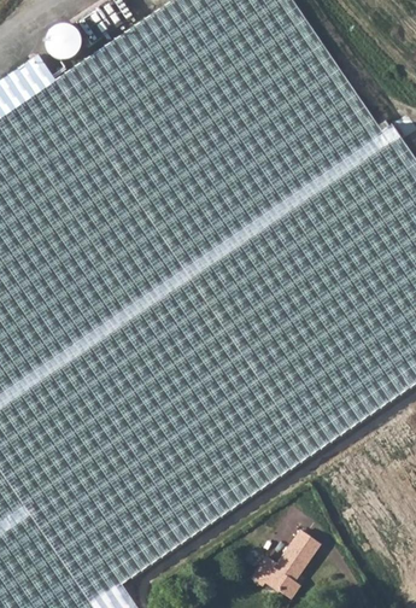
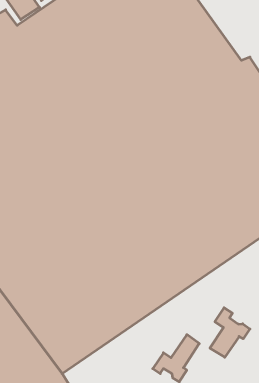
building: none -> [210,308,250,357]

